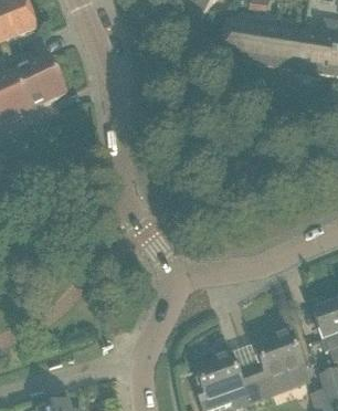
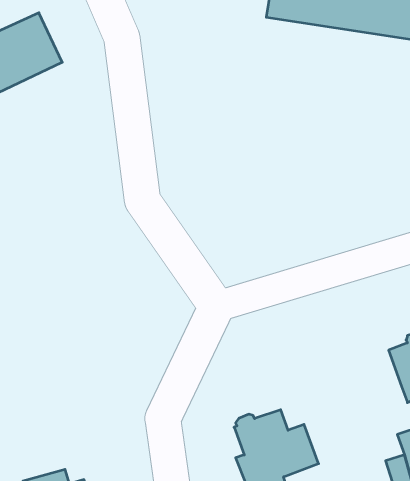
building: [250,333,308,396] -> none

